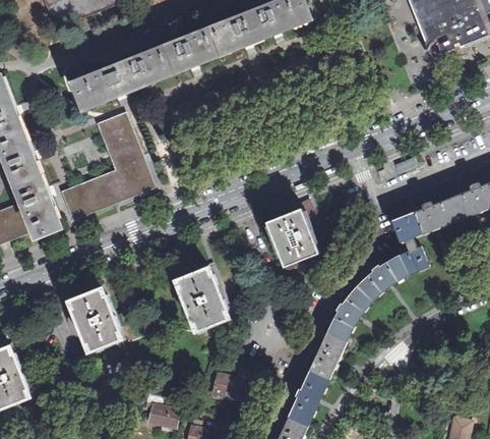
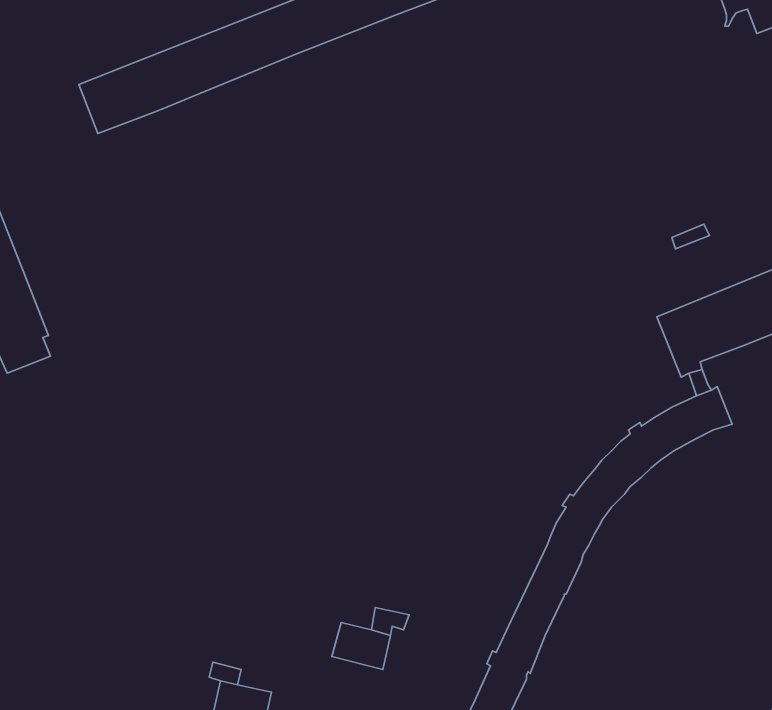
building: [62,117,149,216] -> none
building: [266,200,316,261] -> none
building: [178,271,227,326] -> none
building: [71,291,119,346] -> none

